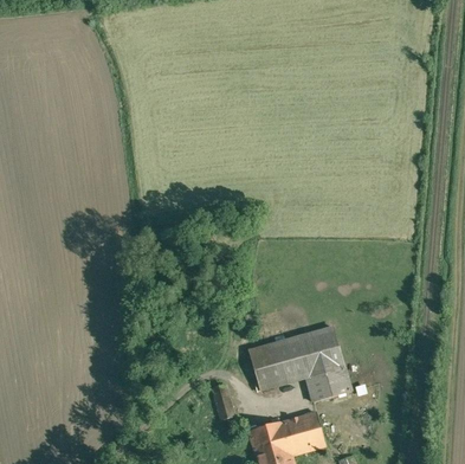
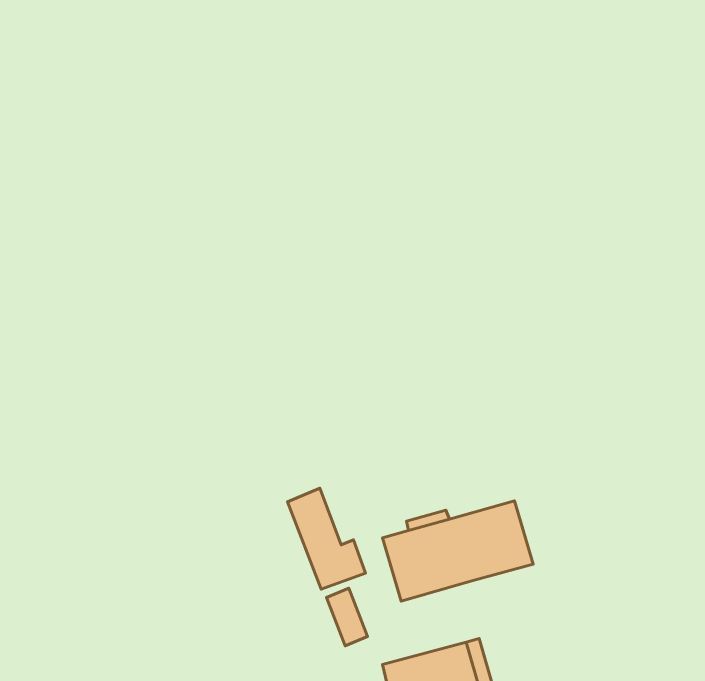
building: none -> [287,488,366,589]
building: [305,367,350,402] -> none

